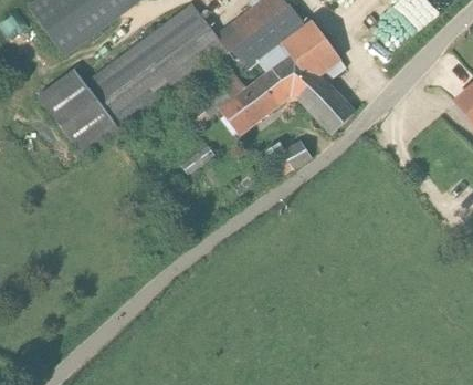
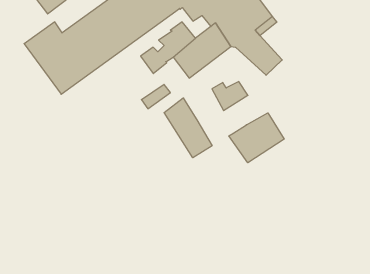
building: none -> [164,98,212,158]
building: none -> [229,113,284,163]

